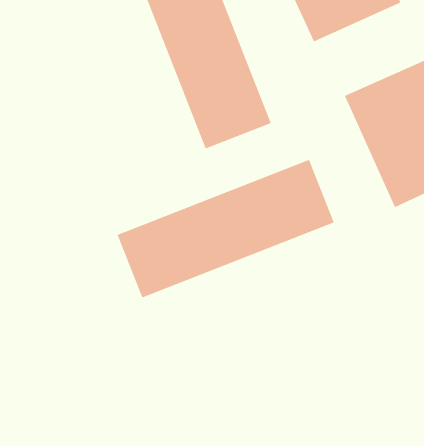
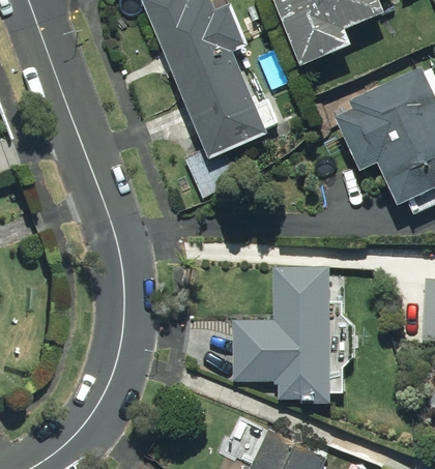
building: [117,159,335,299] -> none
building: none -> [233,268,326,402]

